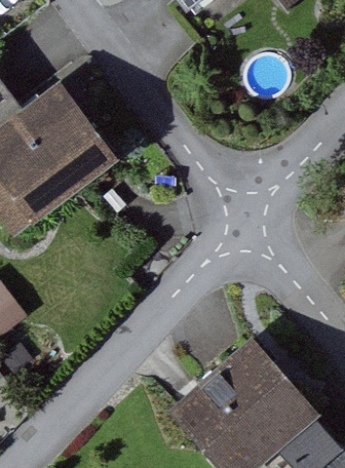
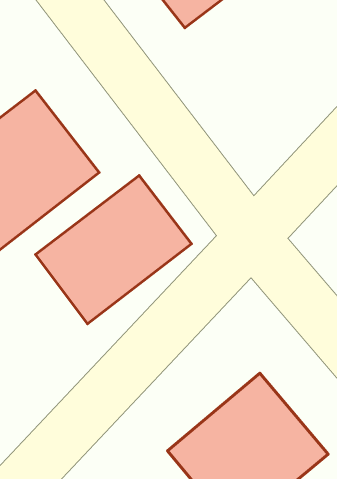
building: none -> [35,176,192,324]

